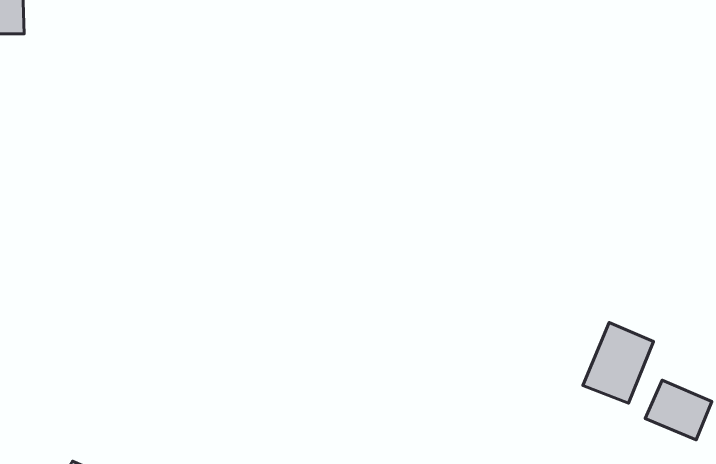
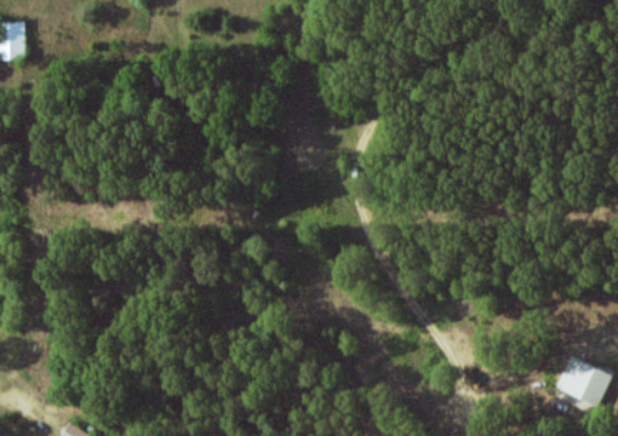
building: [583,322,653,403] -> none

